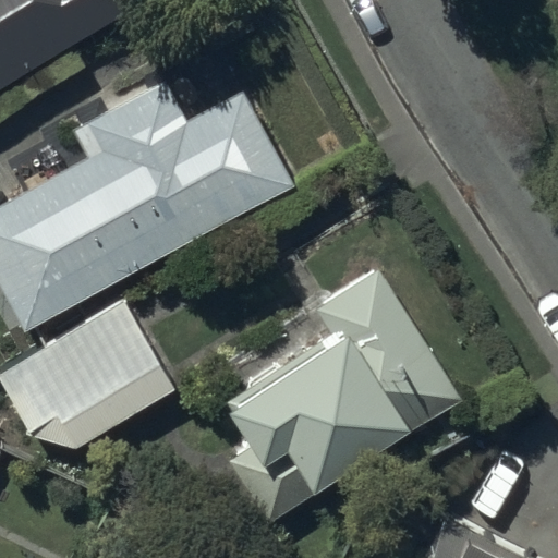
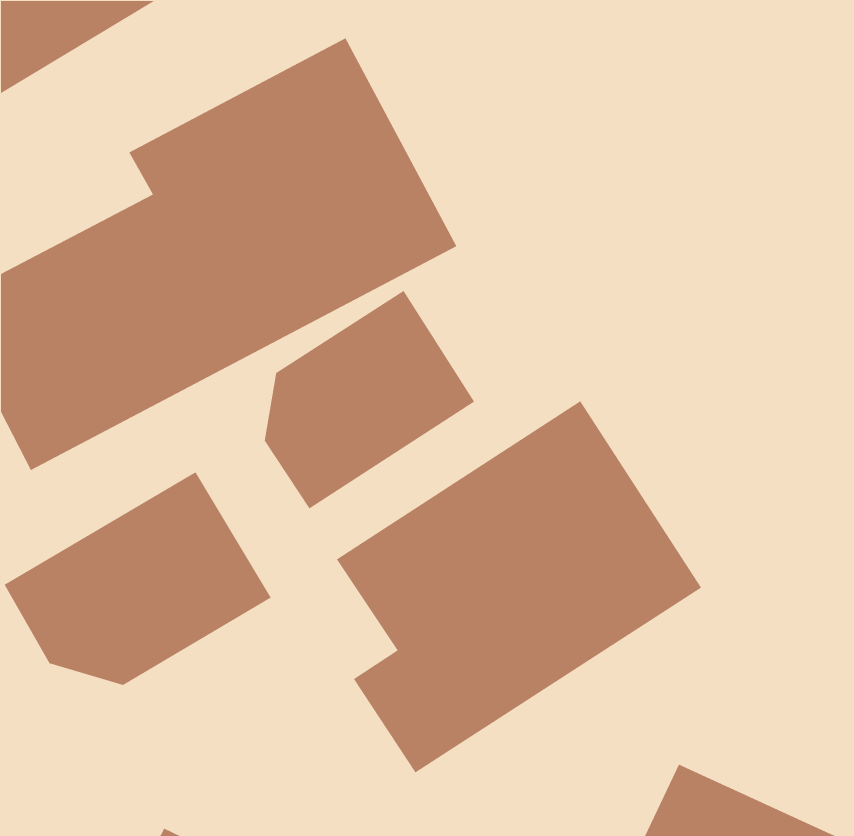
building: none -> [264,290,475,510]

